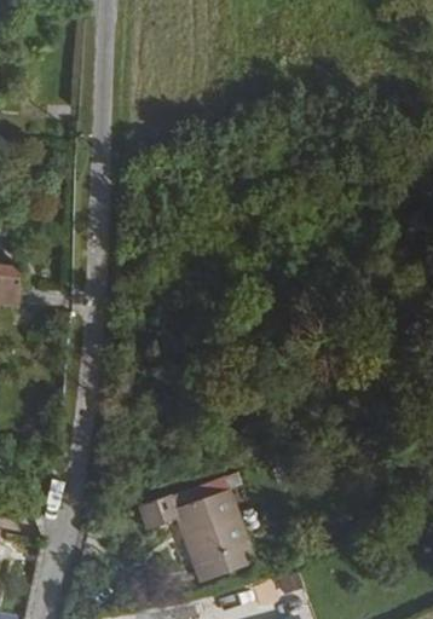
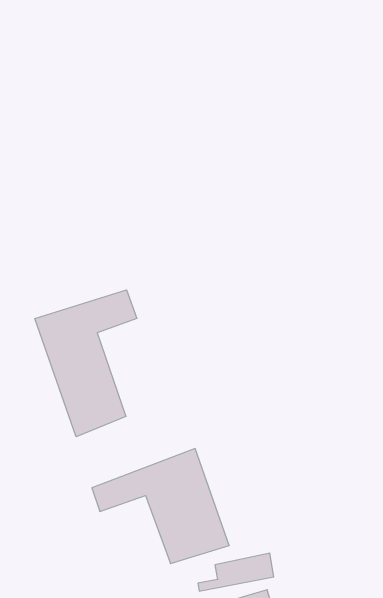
building: none -> [35,290,137,437]

